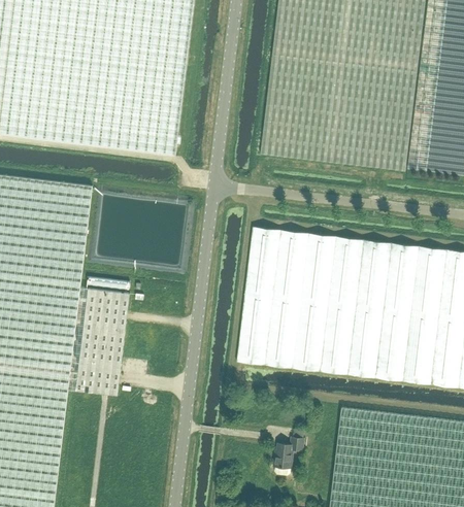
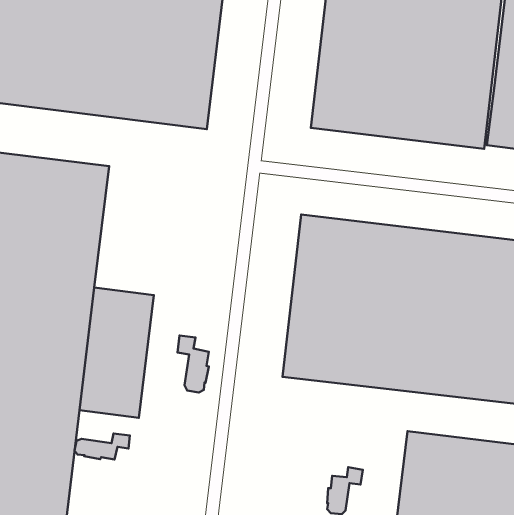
building: none -> [178,336,209,393]
building: none -> [75,434,130,460]

